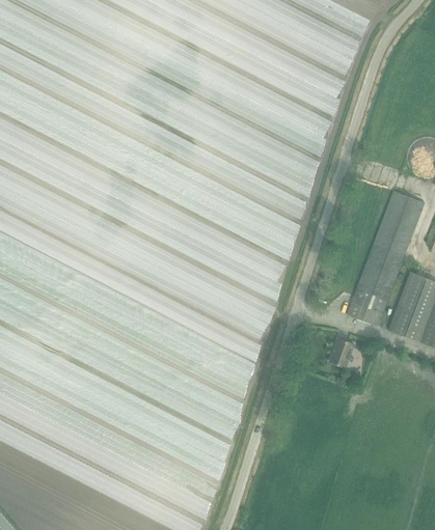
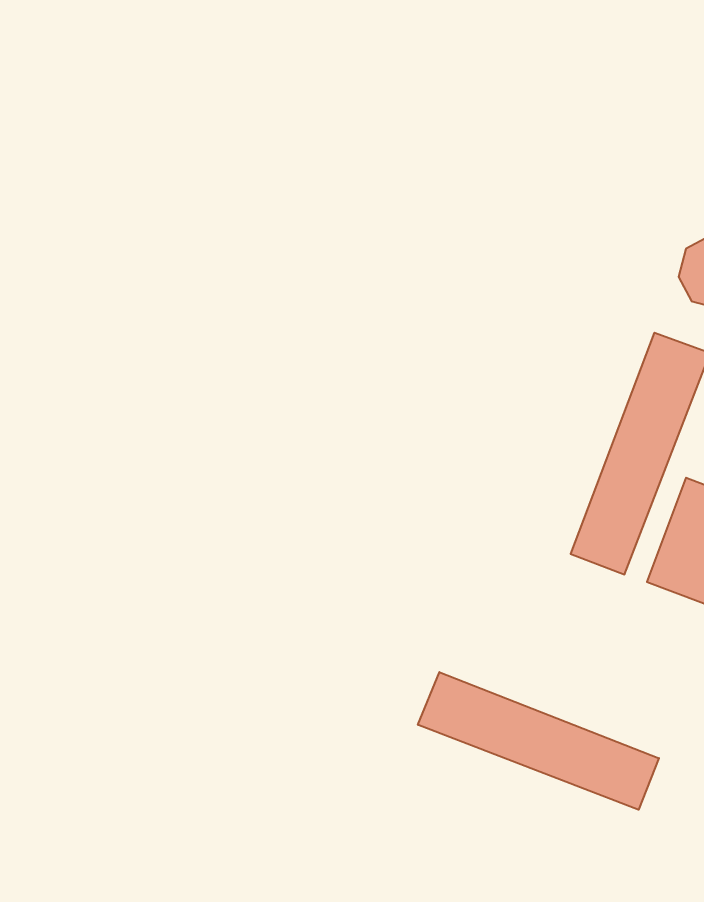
building: [329,337,354,367] -> none
building: none -> [418,672,659,810]

